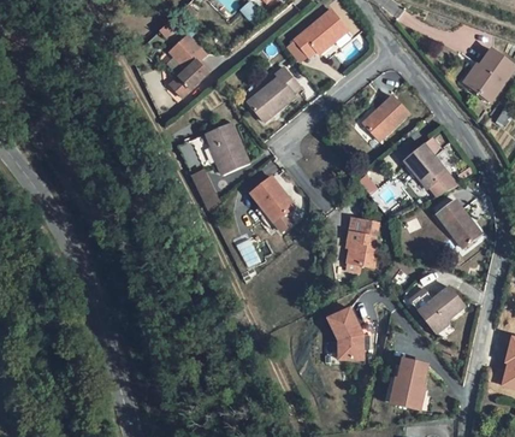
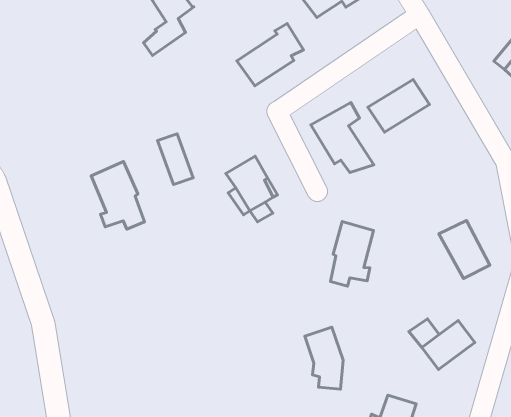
building: [189,119,247,172] -> none
building: [399,142,455,200] -> [311,103,374,173]
building: none -> [91,162,145,229]

